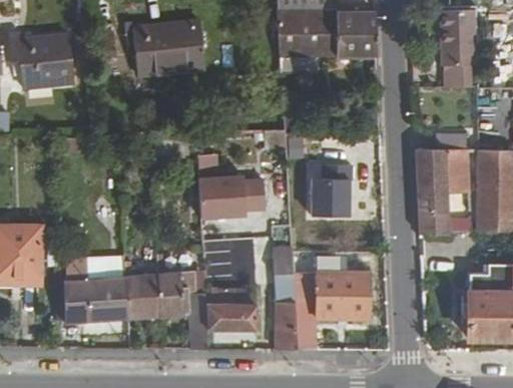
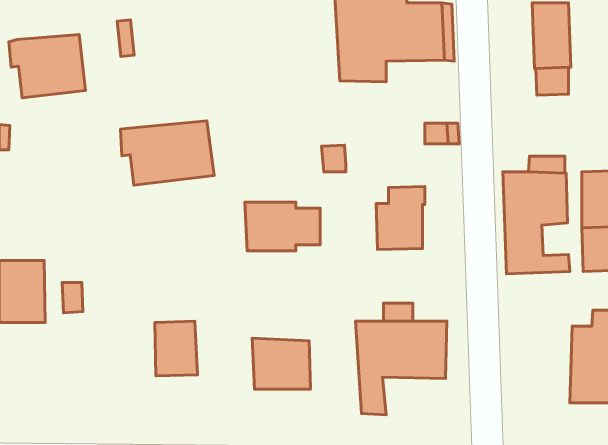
building: [123,24,200,77] -> [121,121,214,185]
building: [277,246,299,350] -> none
building: [65,259,129,321] -> none
building: [161,274,198,318] -> none

